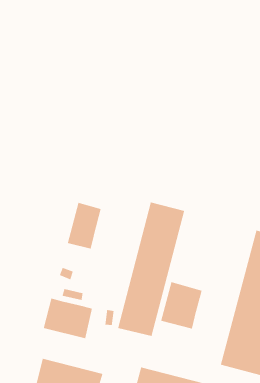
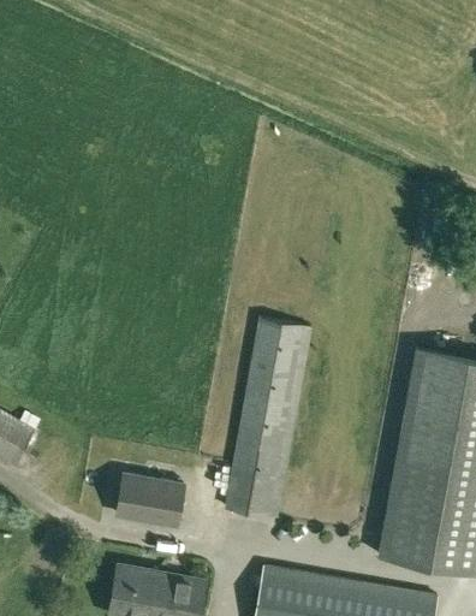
building: [67,202,102,249] -> none
building: [160,281,203,329] -> none

